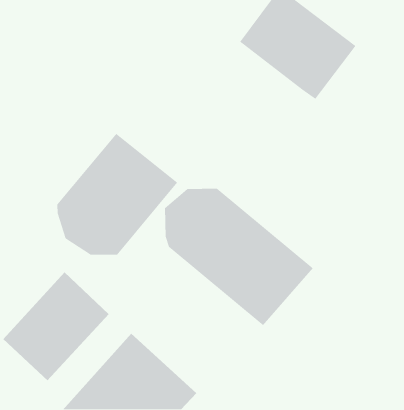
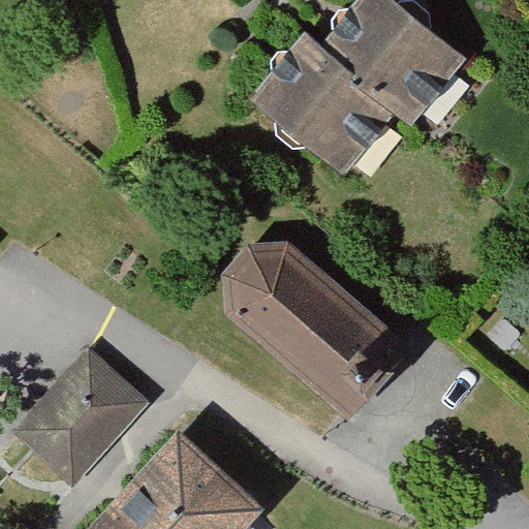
building: none -> [248,39,397,179]
building: [56,133,178,255] -> none

